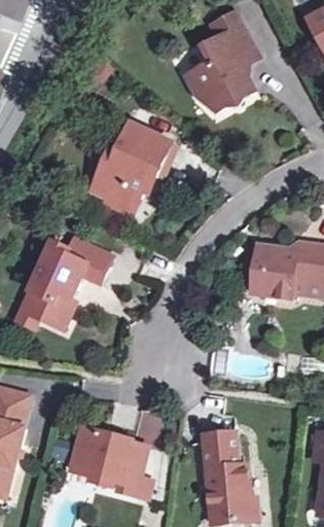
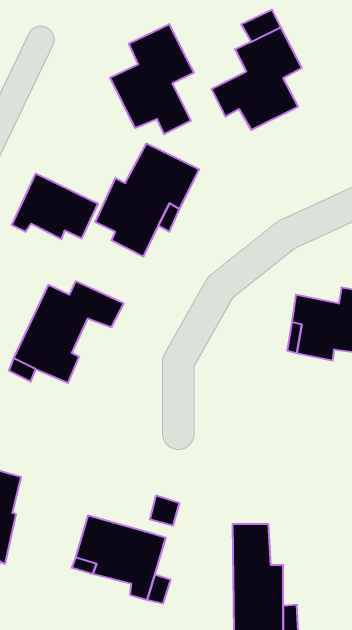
building: none -> [110,24,194,134]
building: none -> [12,173,98,239]

